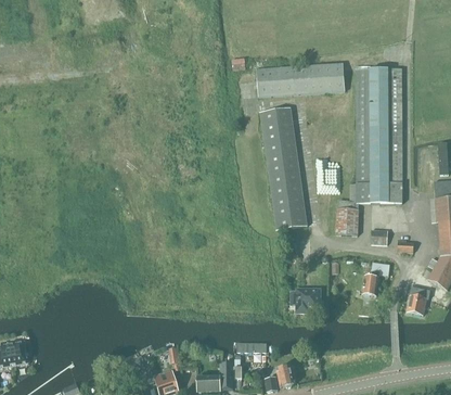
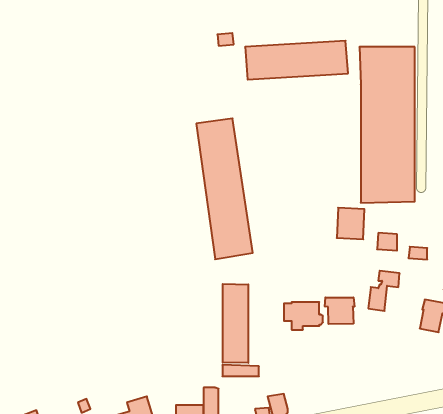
building: [260,106,309,228] -> [196,118,253,259]
building: none -> [223,284,248,363]
building: none -> [325,297,354,324]

